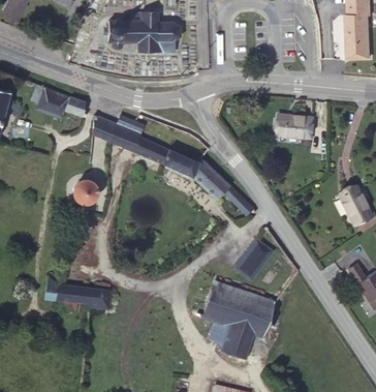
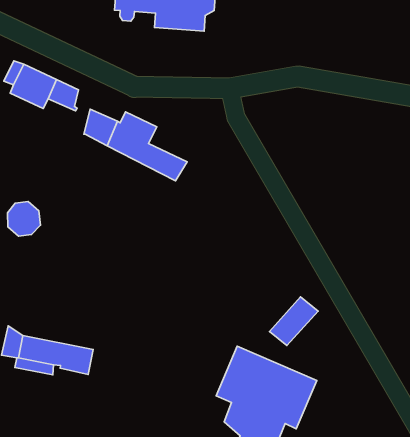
building: [277,116,312,138] -> none
building: [161,149,253,214] -> none
building: [73,179,98,205] -> [7,201,41,236]

